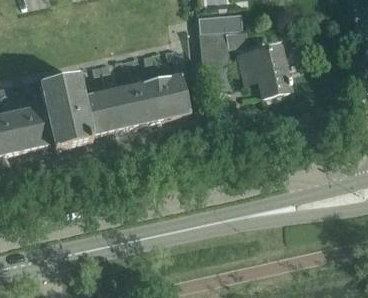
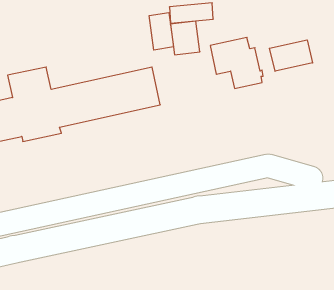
building: none -> [149,13,173,50]
building: none -> [269,40,313,71]

